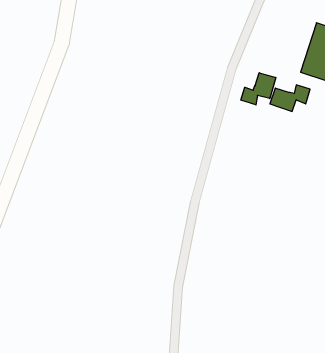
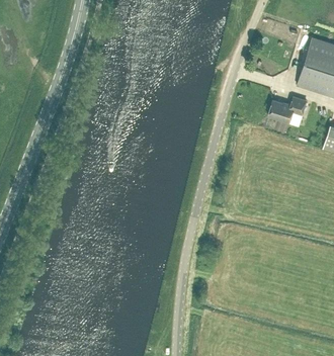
building: [241,73,276,105] -> none

